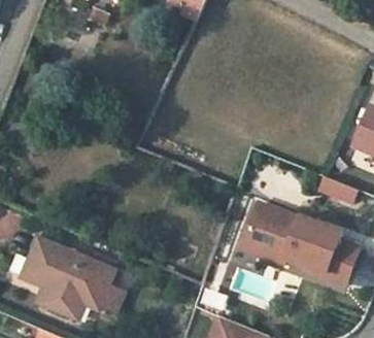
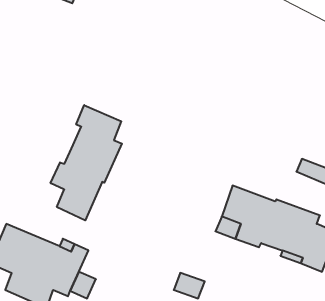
building: none -> [51,105,122,220]

